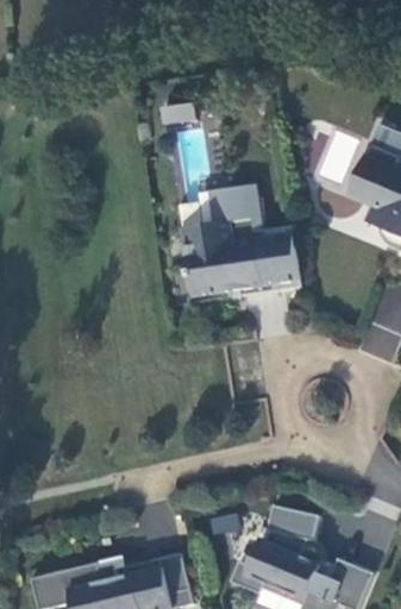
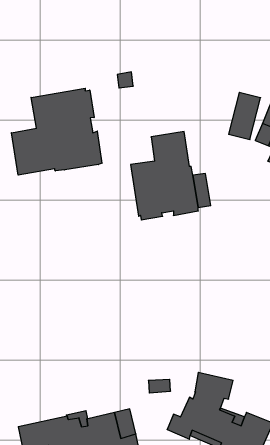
building: none -> [11,88,102,175]

